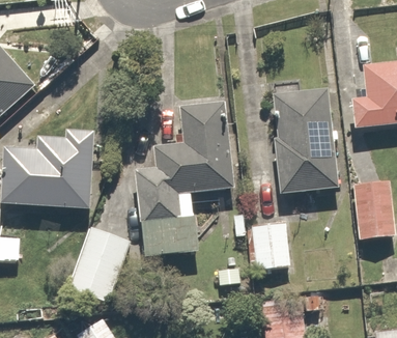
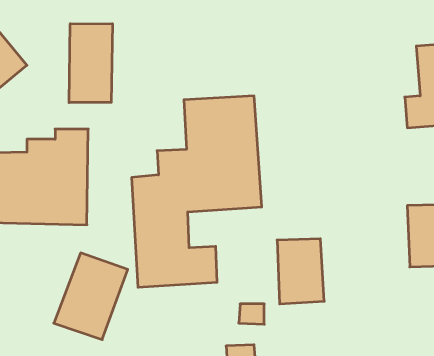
building: none -> [69,24,112,103]
building: [267,83,340,199] -> none

